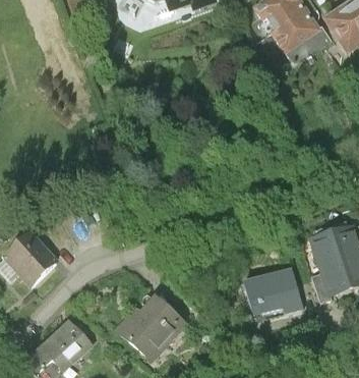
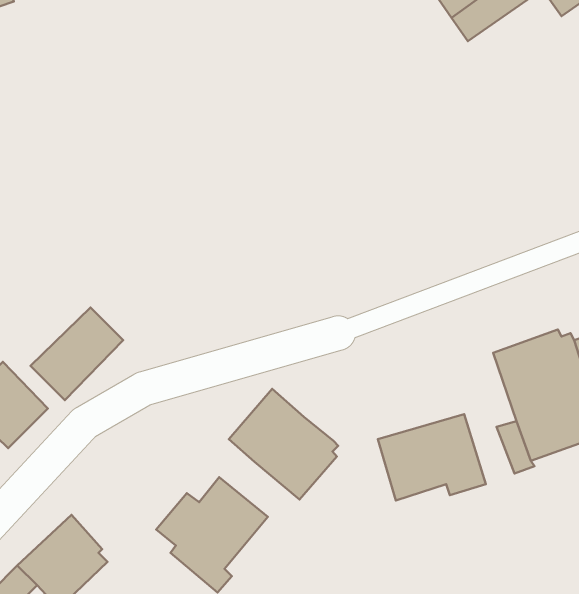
building: none -> [31,307,123,400]
building: none -> [229,389,338,499]

